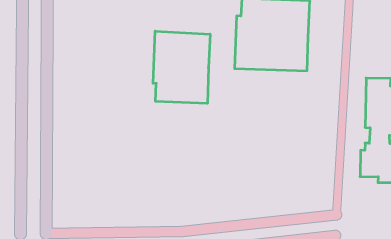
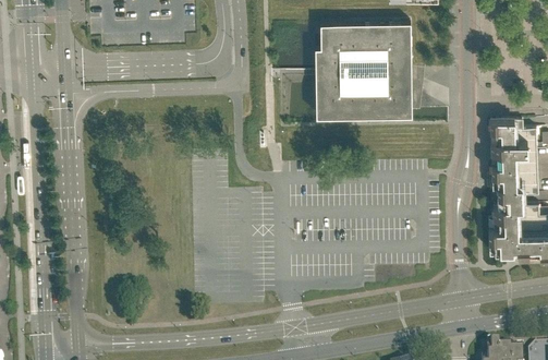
building: [153,31,210,103] -> none

